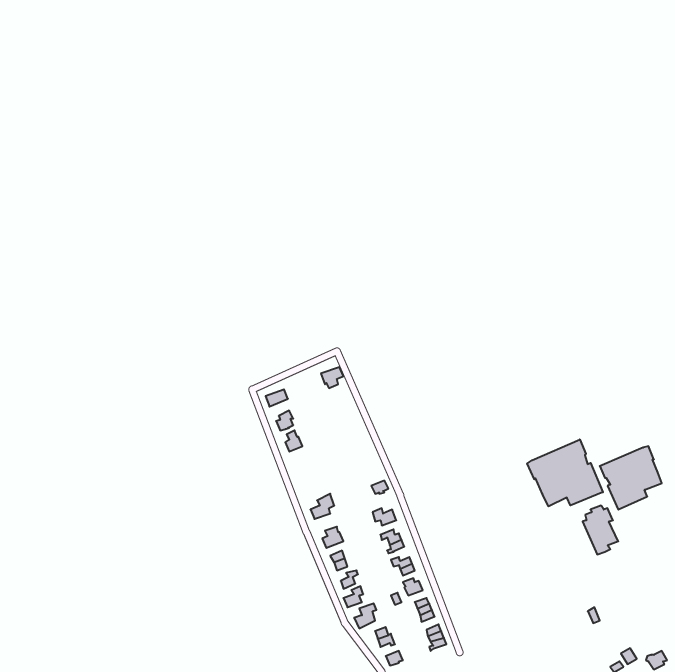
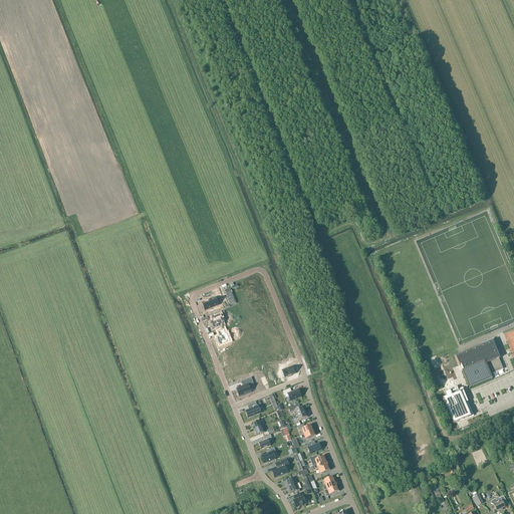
building: [527,439,603,506] -> none

